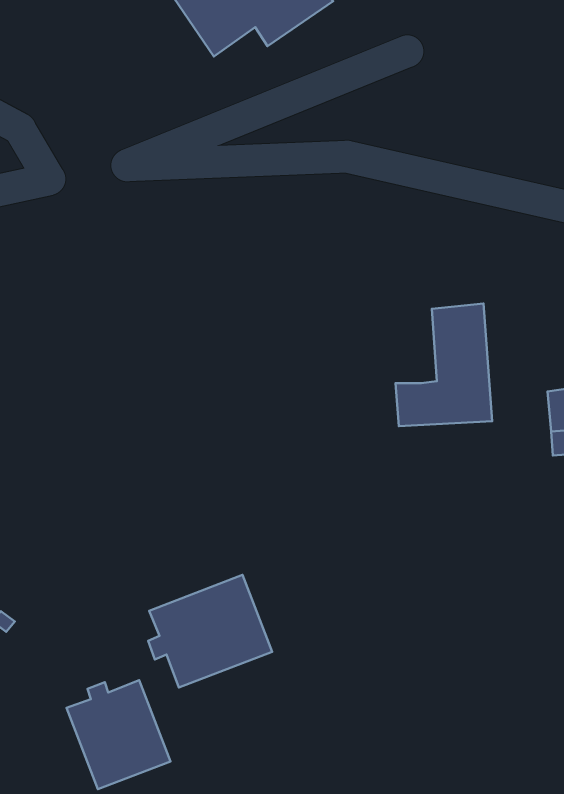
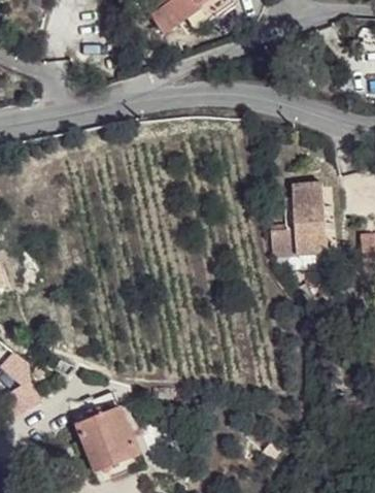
building: [148,575,272,688] -> none

